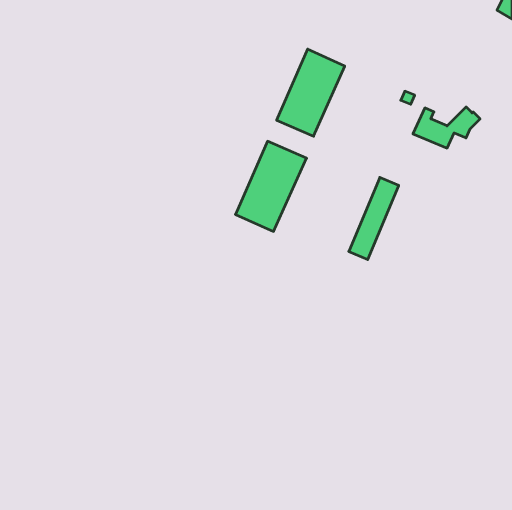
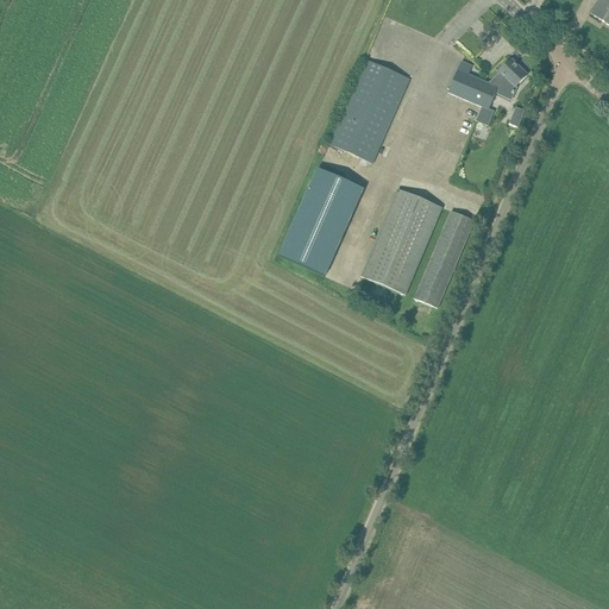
building: [413,107,480,148] -> [447,59,527,108]
building: none -> [360,188,441,294]

